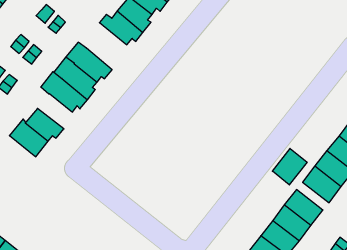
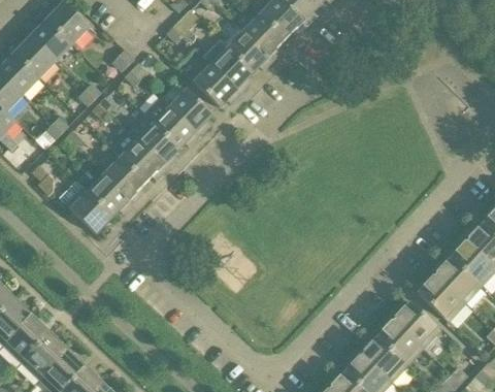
building: none -> [170,88,213,134]
building: none -> [104,157,146,201]
building: [272,148,307,185] -> none

